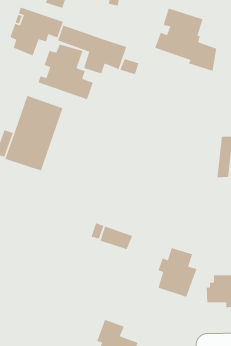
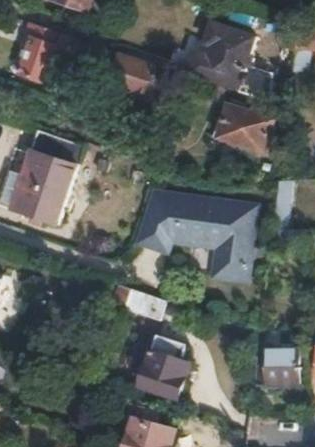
building: [38,43,94,100] -> none
building: none -> [194,102,274,152]
building: none -> [136,193,251,278]
building: [157,247,197,298] -> [142,337,191,399]

